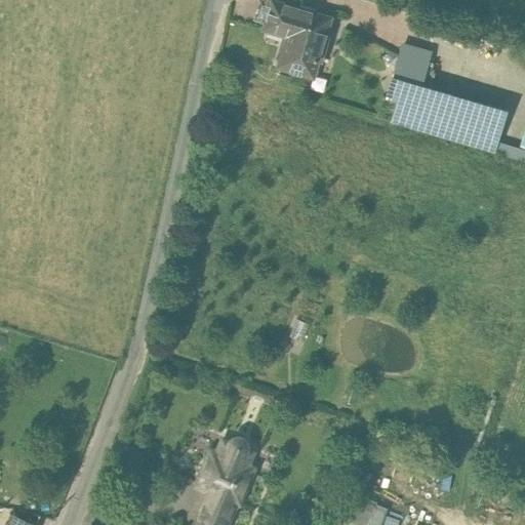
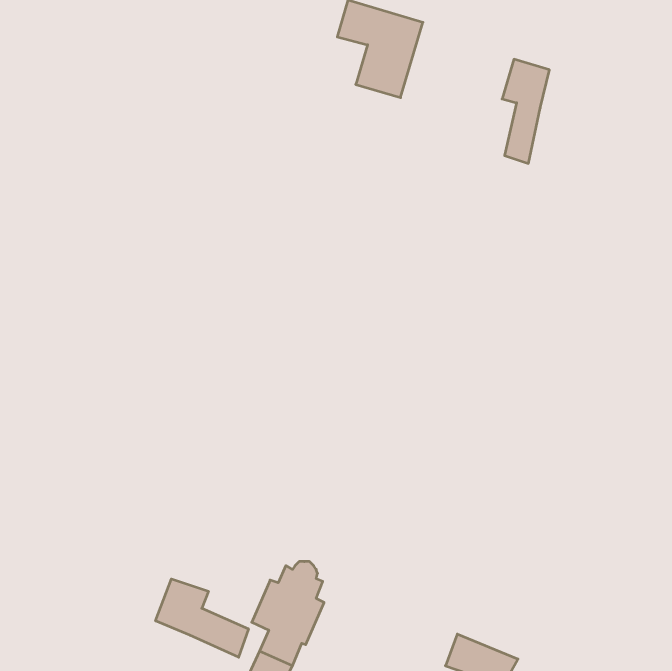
building: [412,86,507,153] -> none
building: none -> [156,579,248,657]

